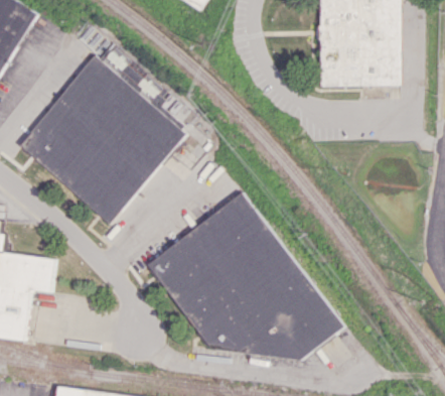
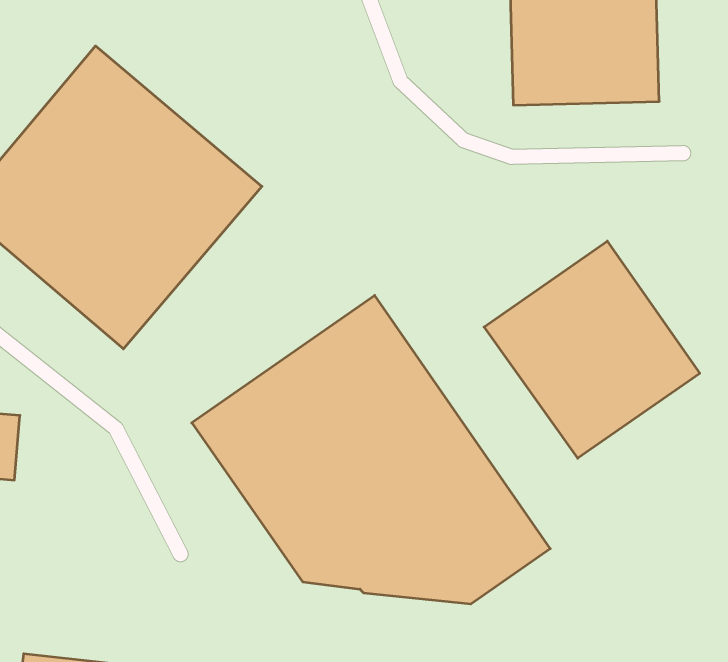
building: none -> [484,241,700,458]

